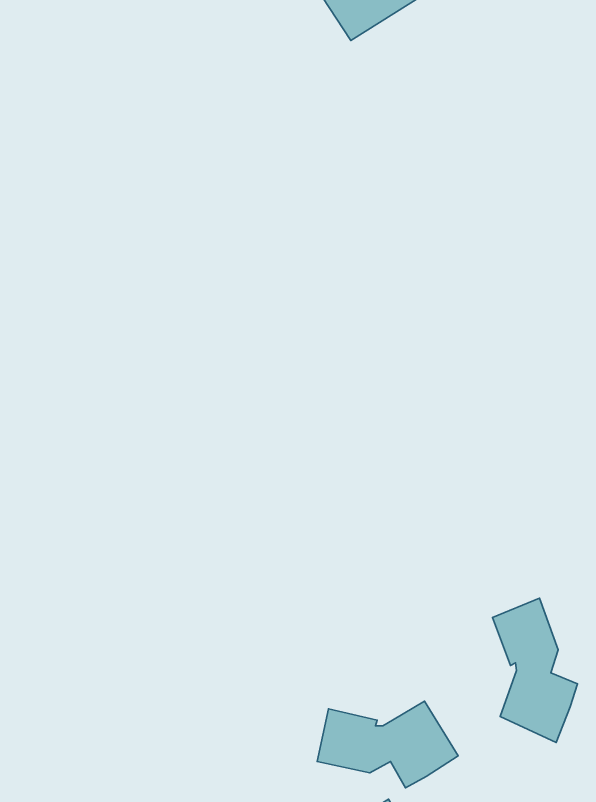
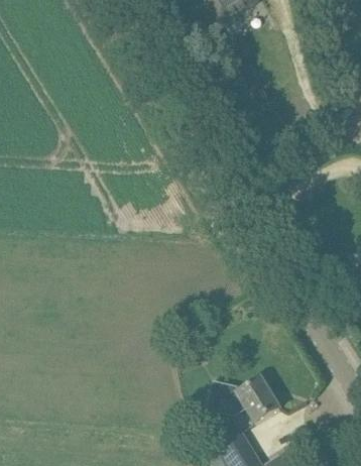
building: [493,598,578,742] -> none

